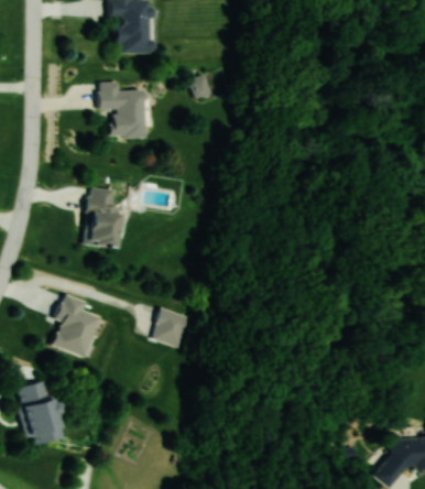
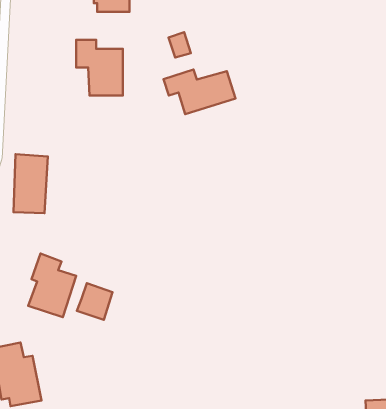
building: none -> [164,70,236,114]
building: [85,188,119,247] -> [13,154,48,213]
building: [156,309,192,346] -> [77,283,113,320]

